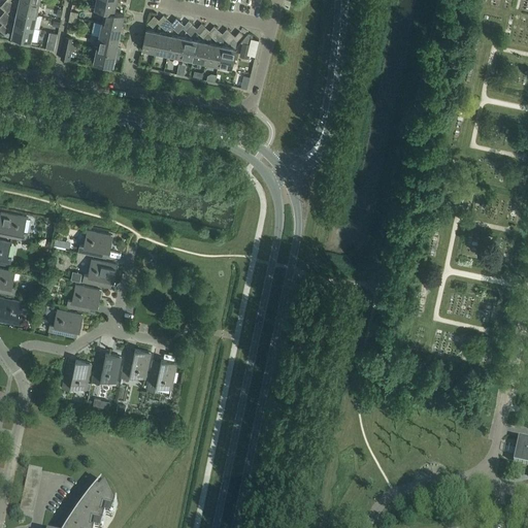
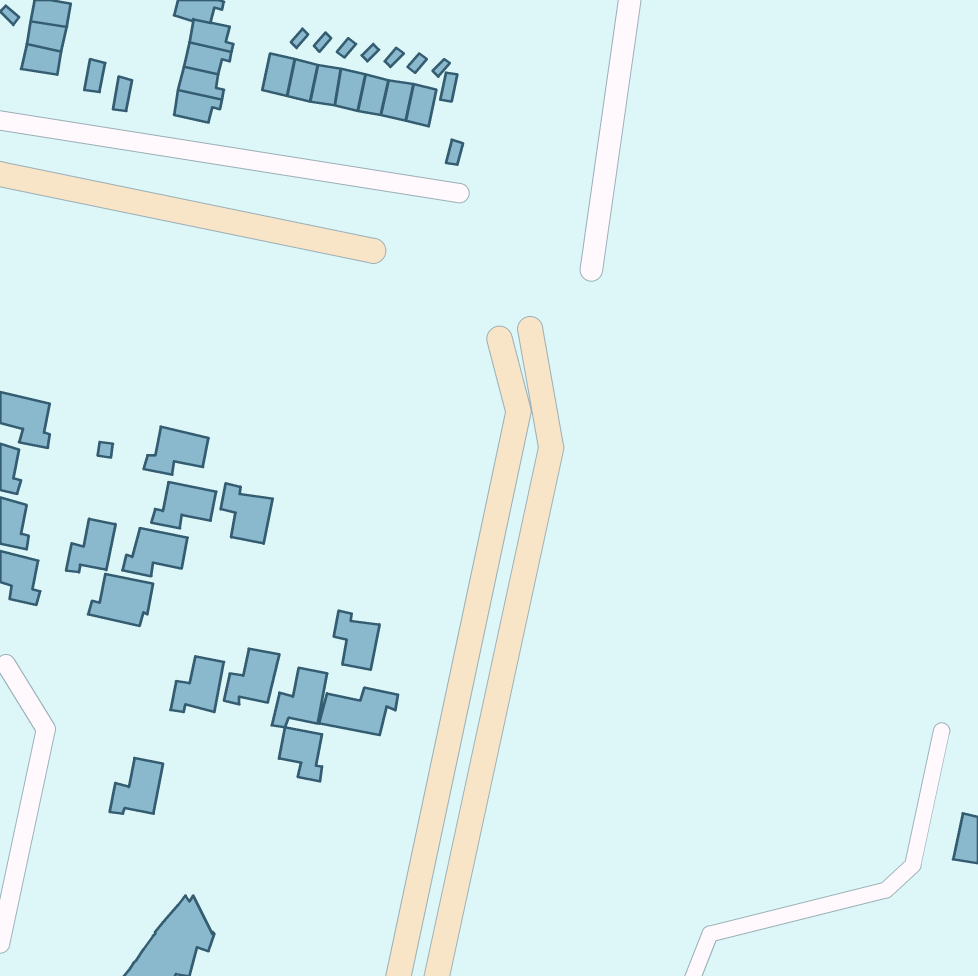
building: none -> [221,483,273,544]
building: none -> [66,519,115,572]
building: none -> [334,611,379,670]
building: [62,361,91,391] -> [110,758,163,814]
building: none -> [319,688,398,735]
building: none -> [279,727,322,781]

